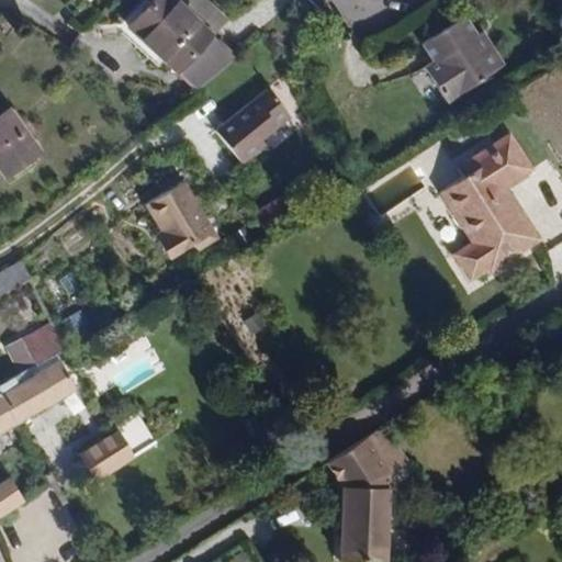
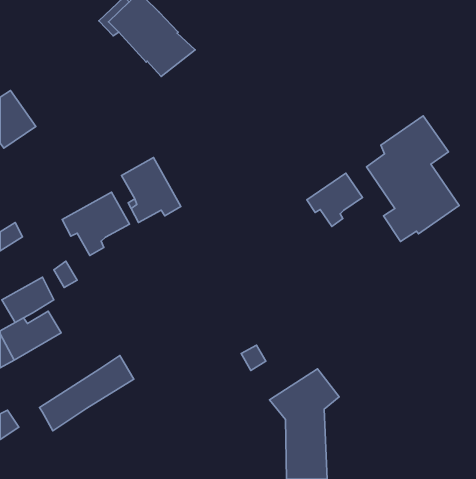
building: [427,13,506,101] -> none
building: [220,91,290,160] -> none
building: none -> [307,173,362,226]
building: none -> [62,192,129,255]

